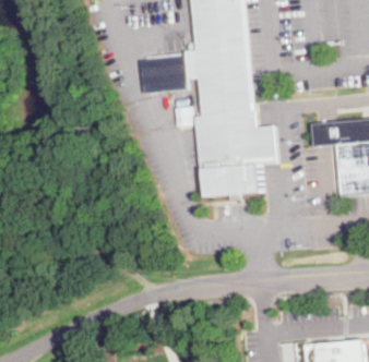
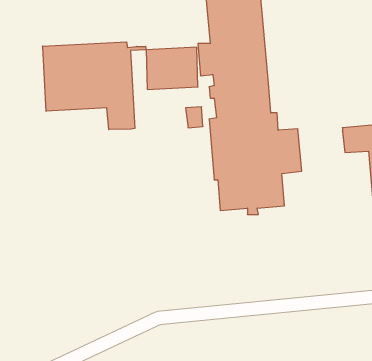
building: none -> [43,42,146,130]

